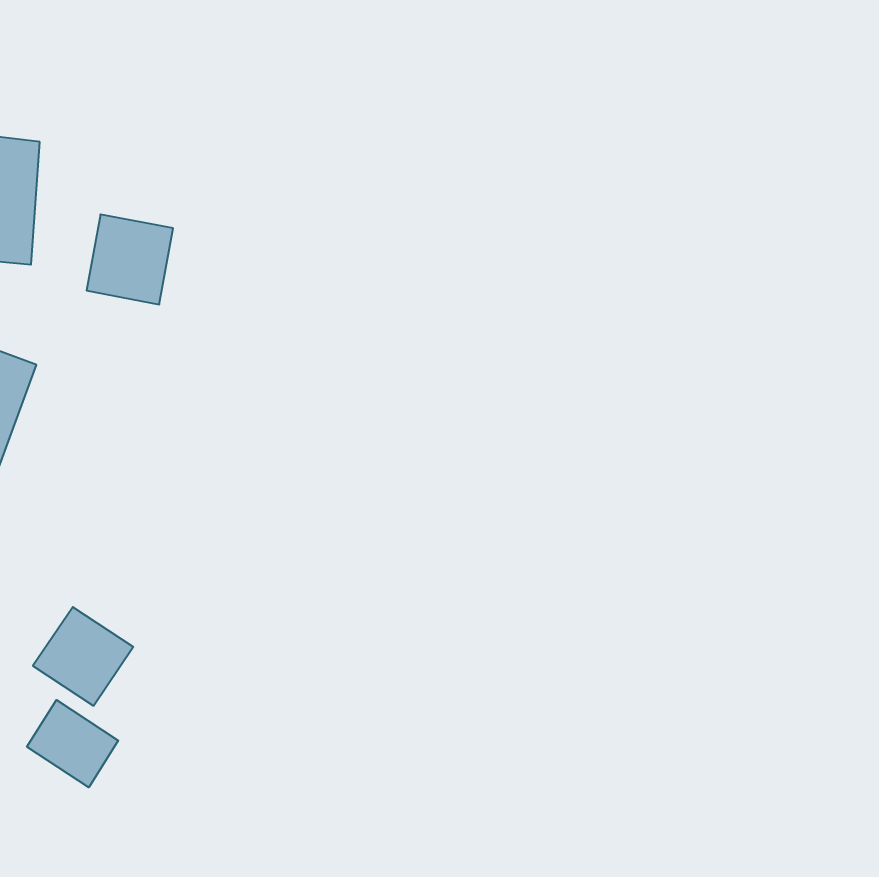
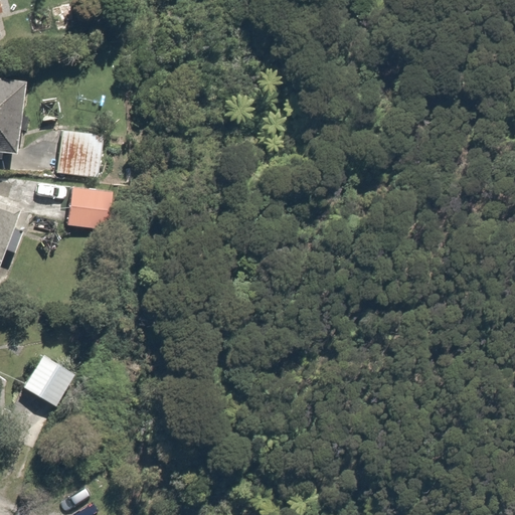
building: none -> [61,183,115,229]
building: [27,700,118,787] -> none

